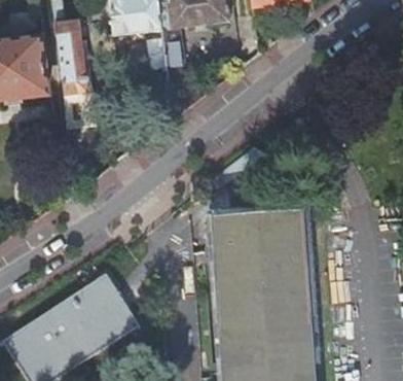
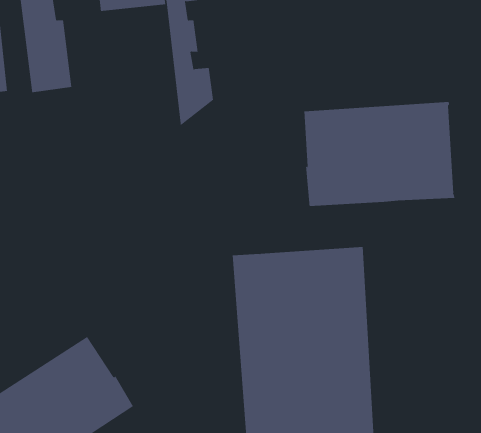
building: none -> [304,101,455,207]

